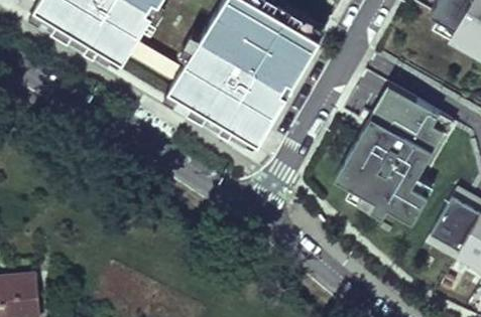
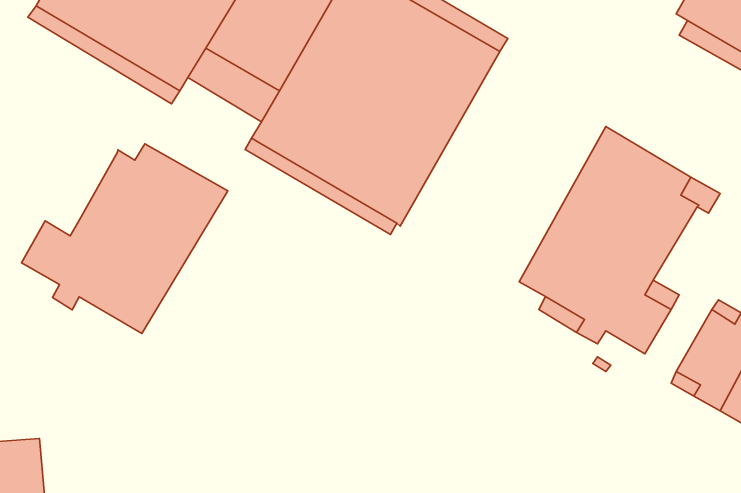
building: none -> [22,144,228,334]

